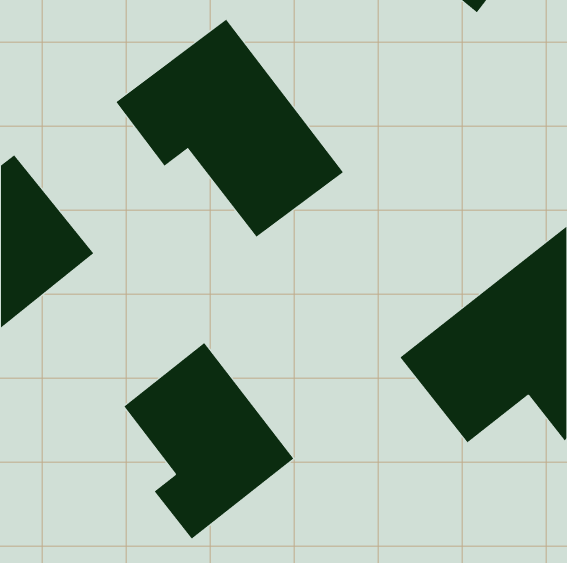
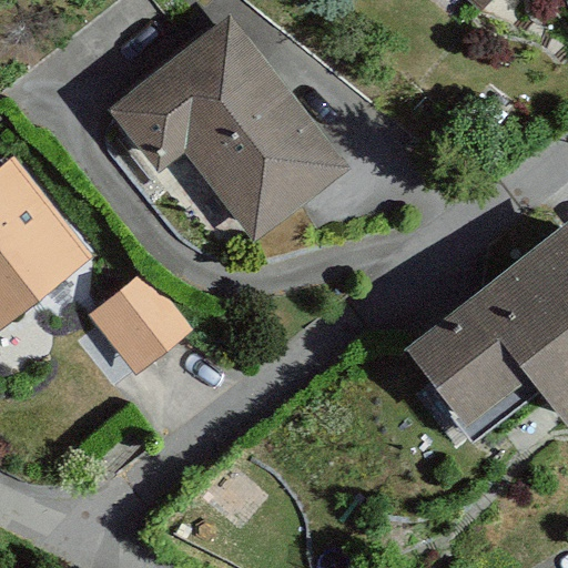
building: none -> [89,267,194,373]
building: [123,342,294,539] -> none

